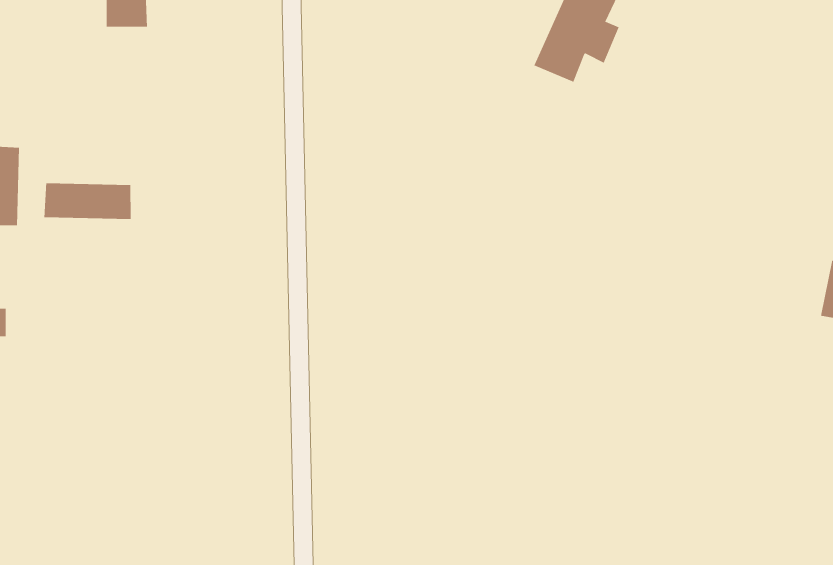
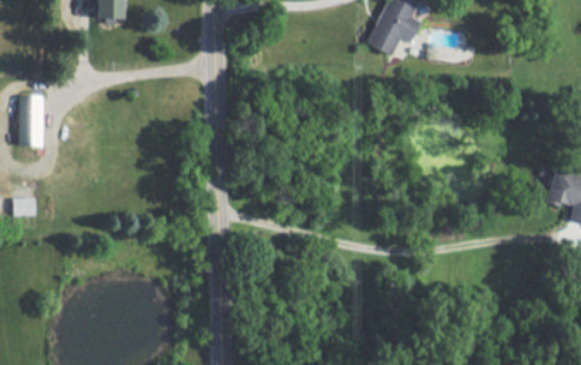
building: [44,183,131,220] -> none

